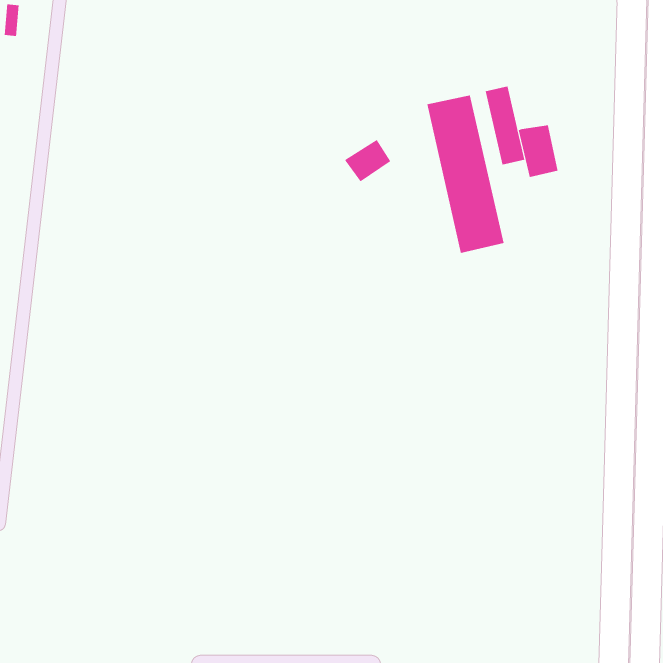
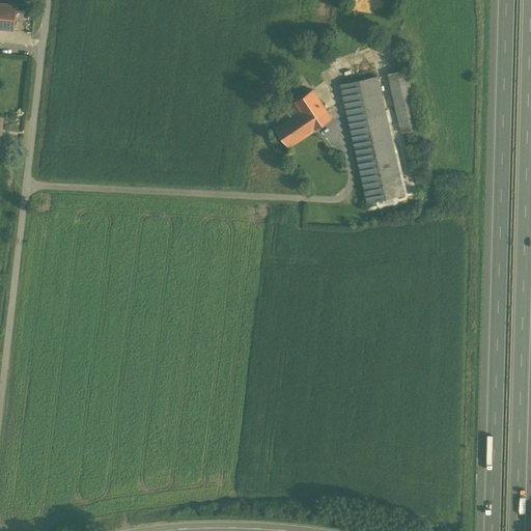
building: none -> [294,90,330,130]
building: [518,124,558,178] -> none

